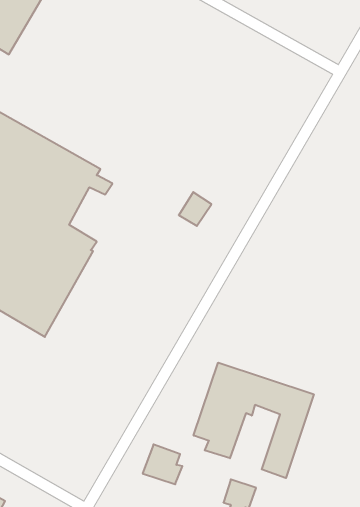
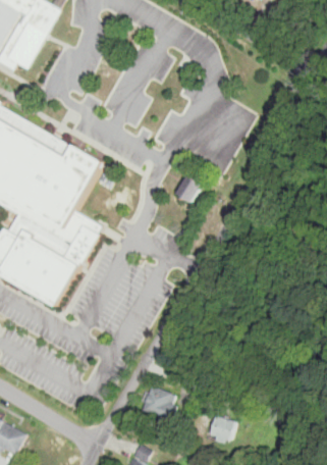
building: [194,363,314,478] -> none

